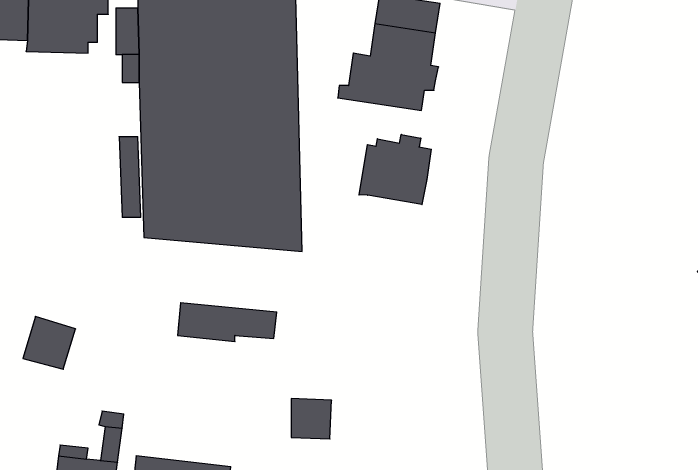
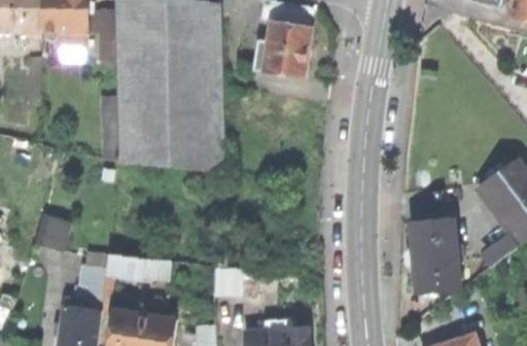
building: [359,134,431,205] -> none
building: [178,303,277,342] -> [104,254,170,280]
building: none -> [413,216,458,292]

